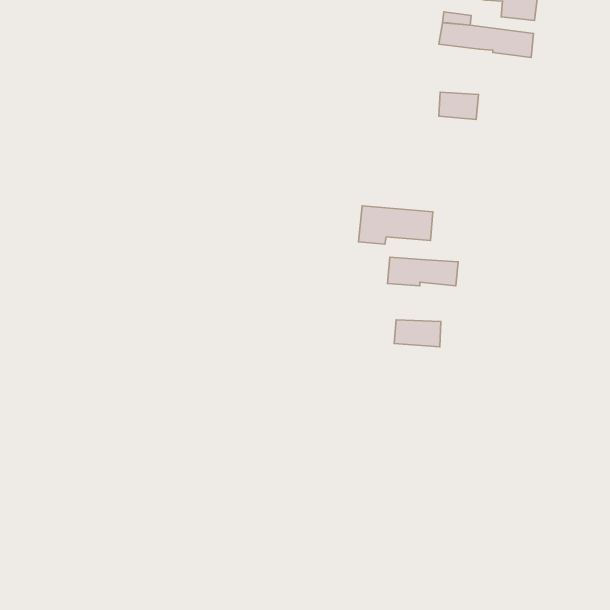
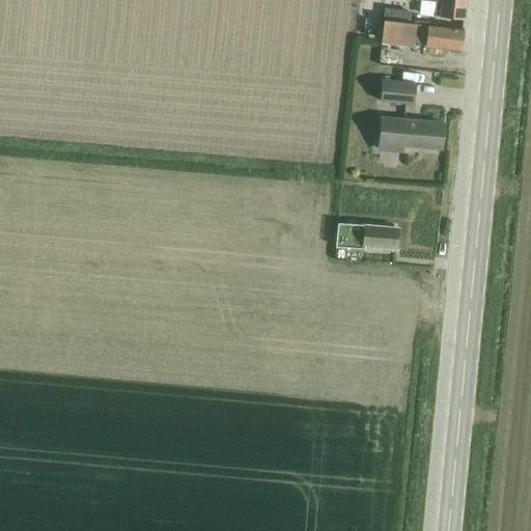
building: [359,206,433,244] -> [380,117,444,150]
building: [394,320,441,347] -> none

